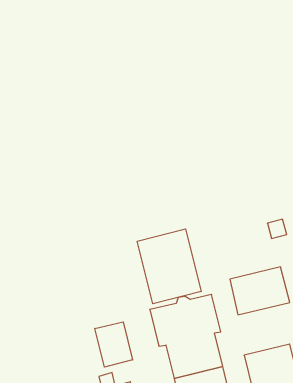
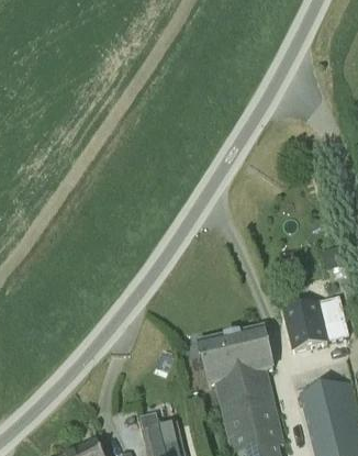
building: [137,229,201,304] -> none
building: [95,322,133,367] -> none

